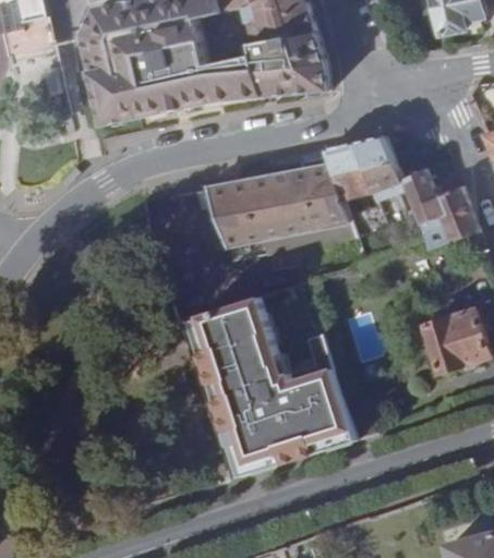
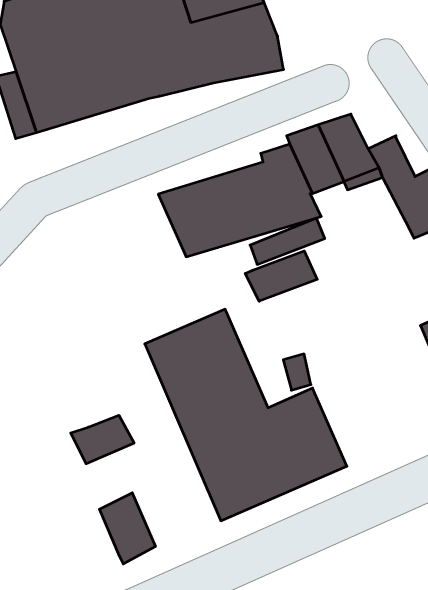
building: none -> [245,251,317,301]
building: none -> [71,415,134,464]
building: none -> [99,493,155,564]

